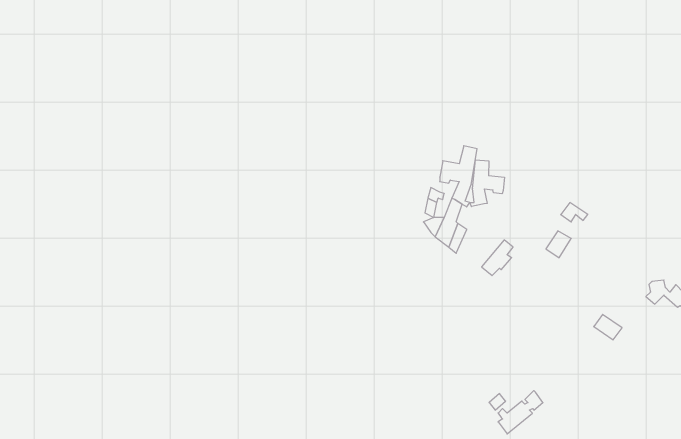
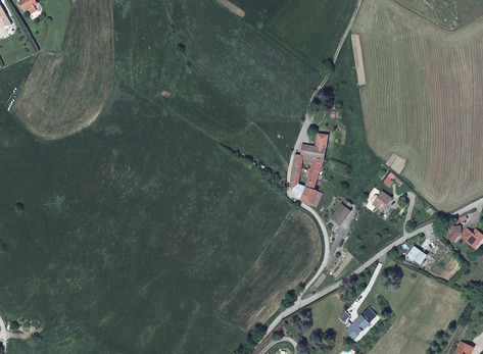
building: [470,160,504,207] -> none

